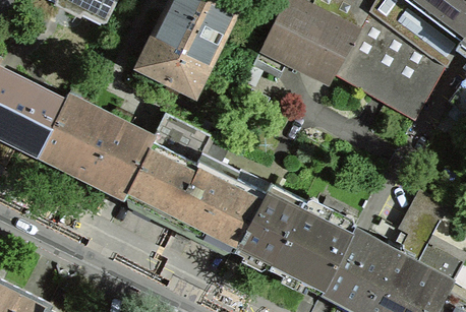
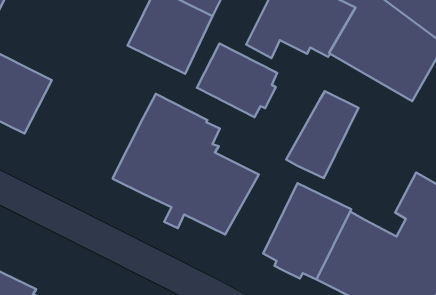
building: none -> [197,43,277,117]
building: [37,97,152,197] -> none
building: [231,186,301,270] -> [286,91,359,178]

